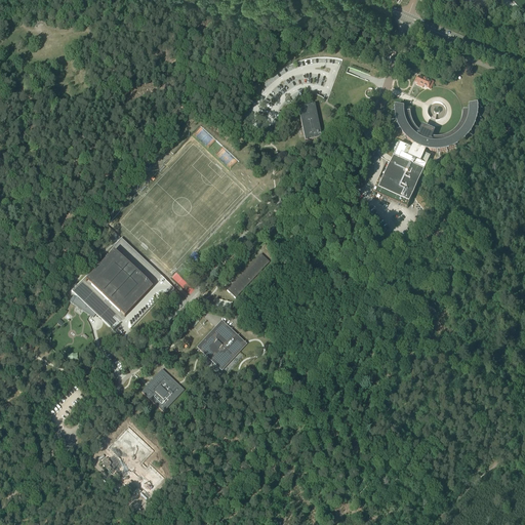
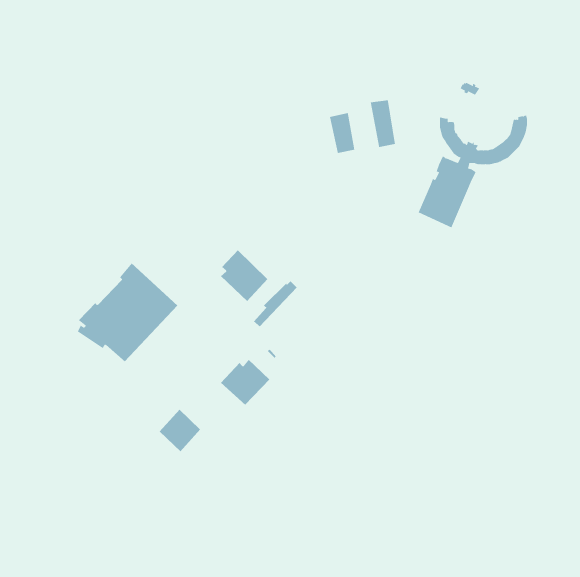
building: none -> [370,100,395,148]
building: none -> [220,250,268,302]

